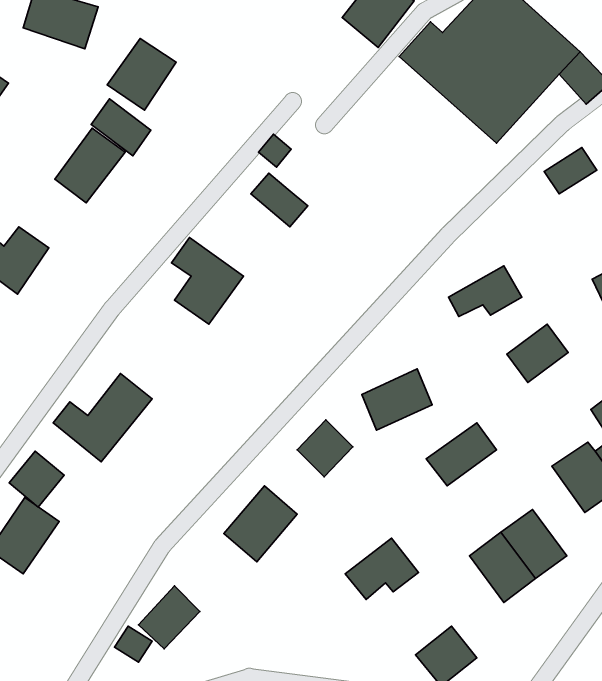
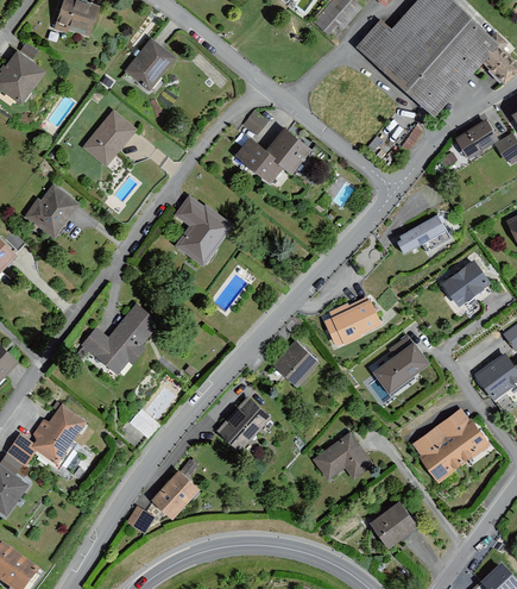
building: [91,99,151,156] -> none
building: none -> [266,132,305,173]
building: [9,451,64,507] -> none

